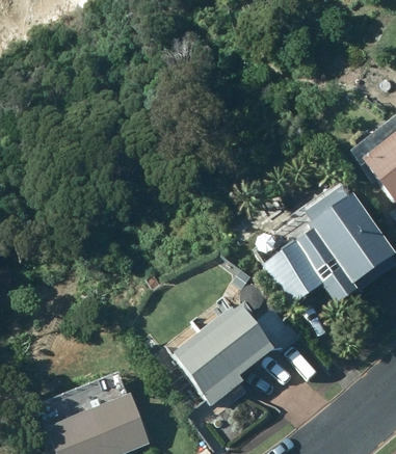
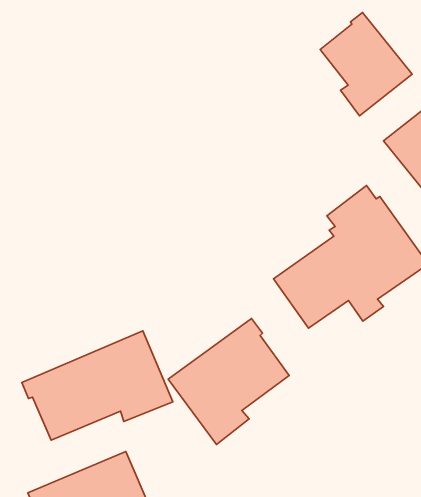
building: none -> [320,13,412,116]
building: none -> [22,331,173,440]

